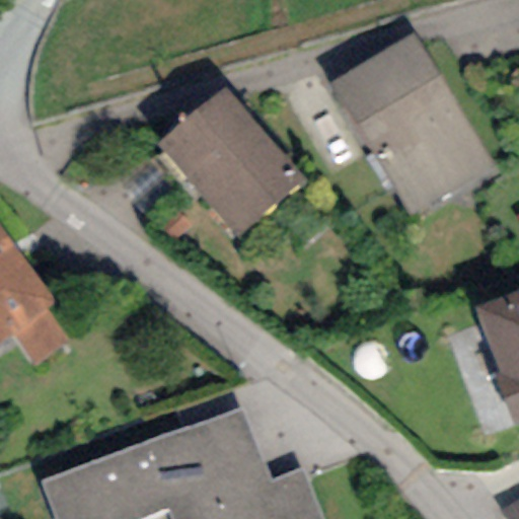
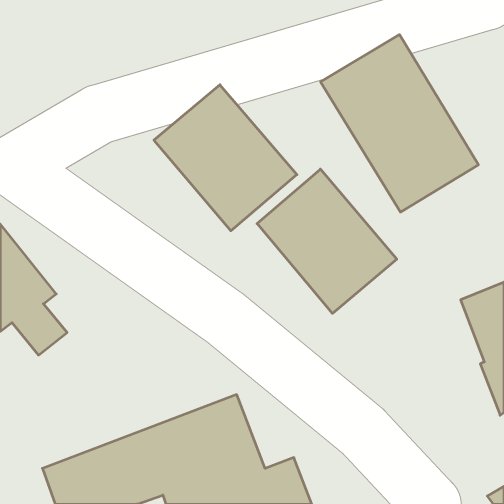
building: none -> [257,169,397,313]

